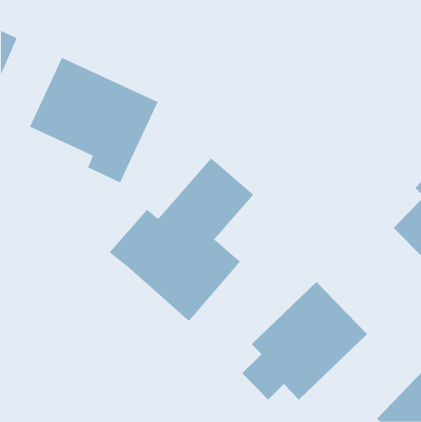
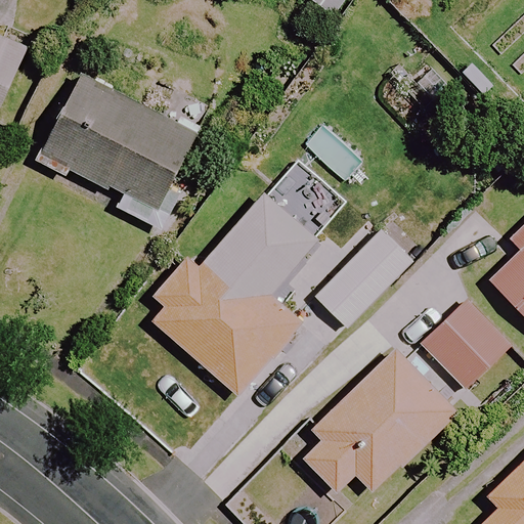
building: none -> [315,230,412,329]
building: none -> [419,299,511,390]

